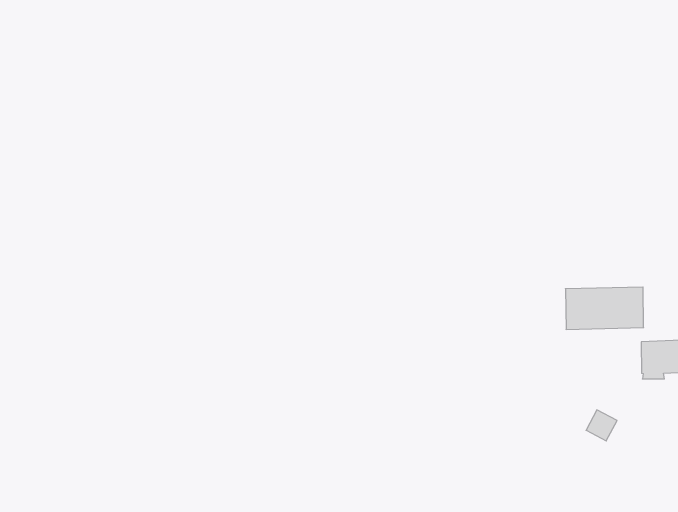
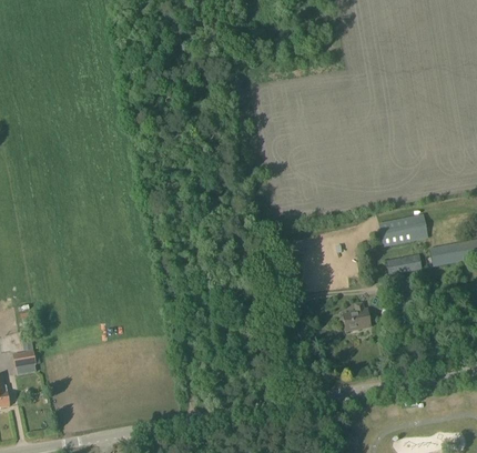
building: none -> [385,254,418,275]
building: none -> [342,301,369,331]

